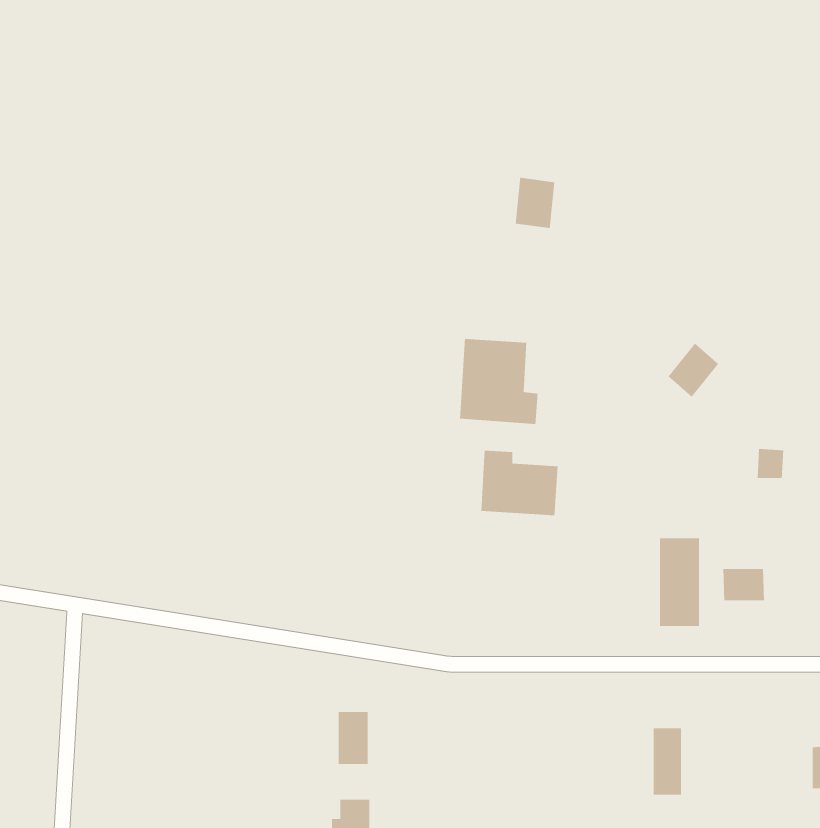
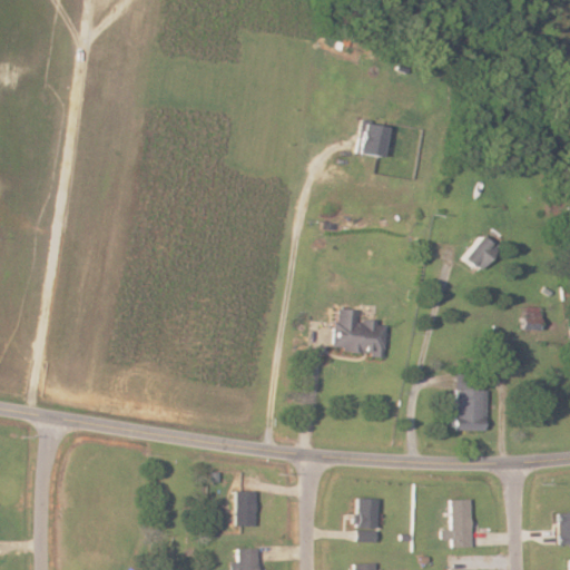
building: [459,338,539,425] -> none
building: [722,568,765,601] -> none
building: none -> [357,498,381,541]

